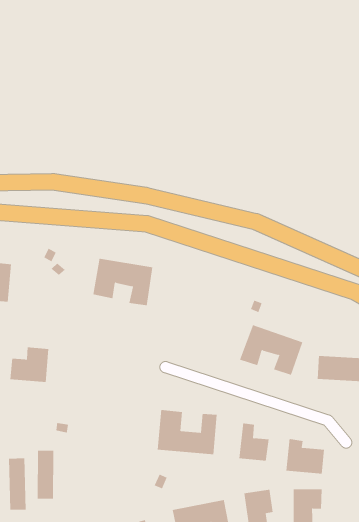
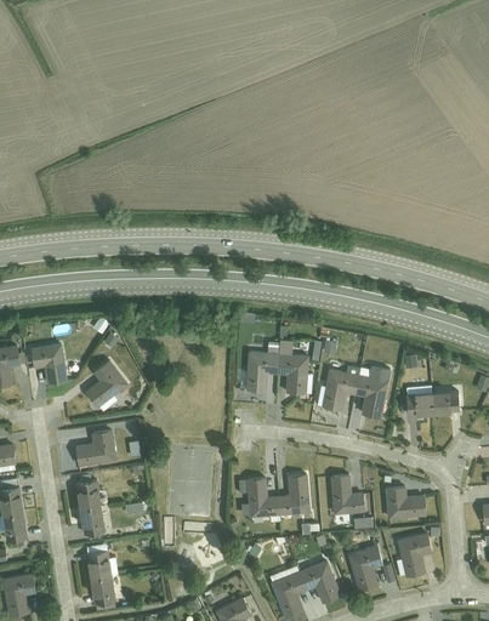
building: [92,258,153,306] -> [244,351,305,394]
building: none -> [86,357,130,404]
building: [37,450,54,499] -> [78,478,103,532]

